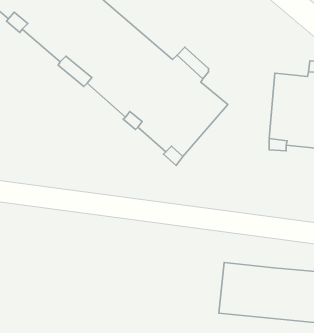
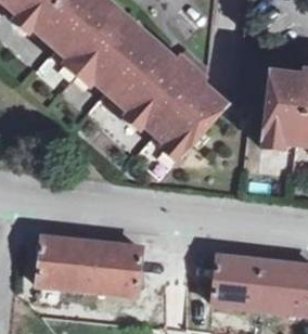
building: none -> [41,239,143,295]

